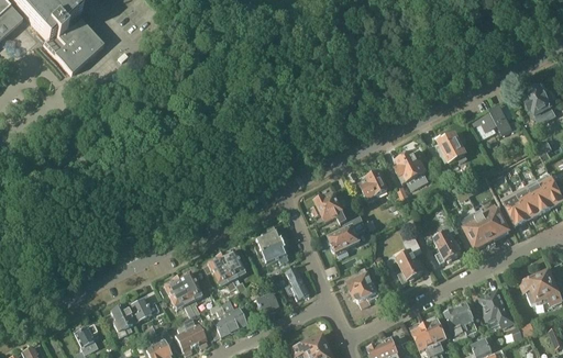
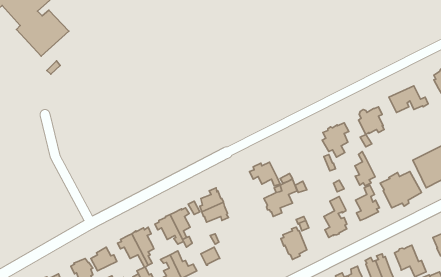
building: [360,172,387,201] -> none
building: none -> [355,151,375,186]
building: [284,266,309,300] -> none

